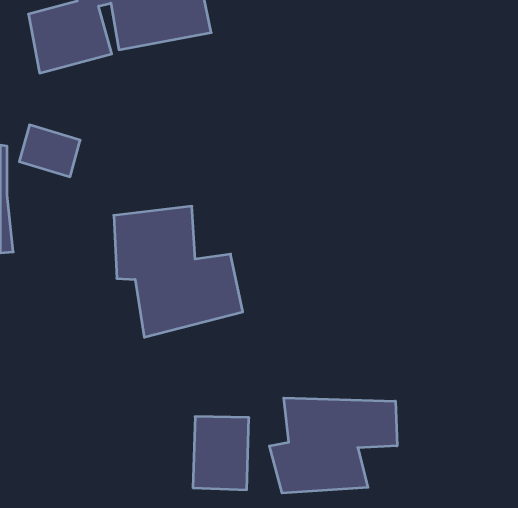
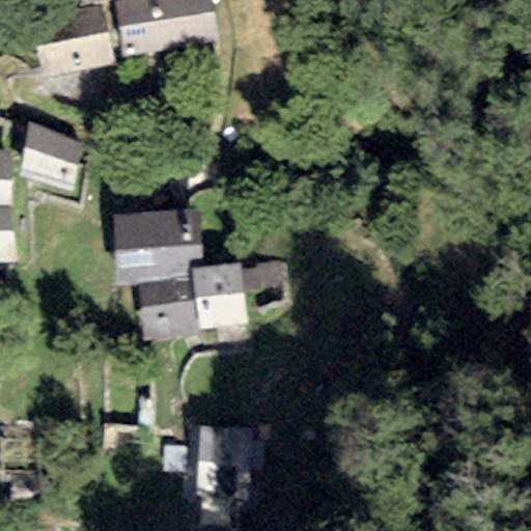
building: [269,398,397,493] -> none

